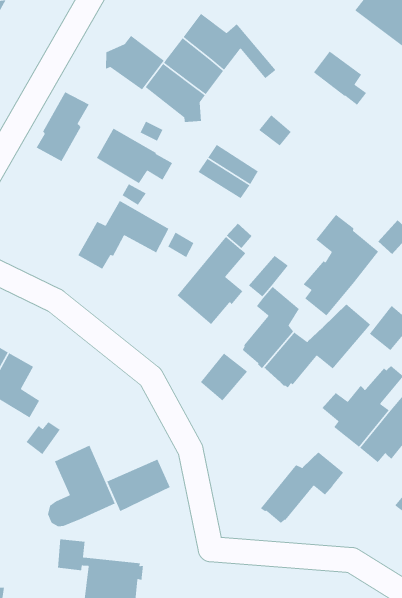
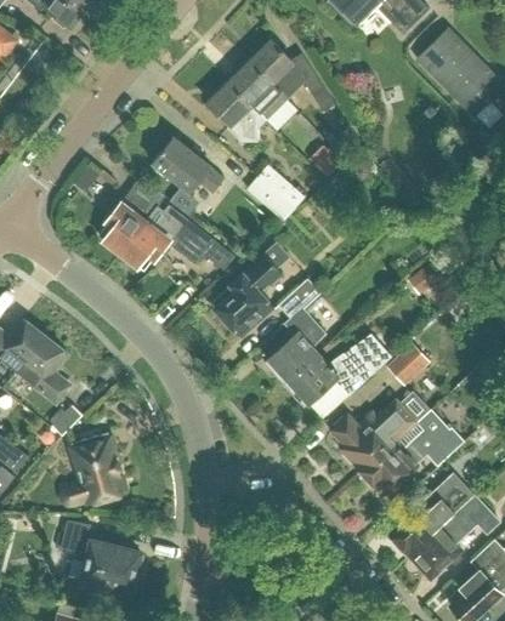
building: [105,35,165,91] -> none
building: [313,51,367,106] -> none
building: [36,91,90,162] -> [98,186,155,252]
building: [303,214,379,317] -> none
building: [200,352,248,401] -> none
building: [260,451,344,524] -> none
building: [106,458,171,512] -> none

